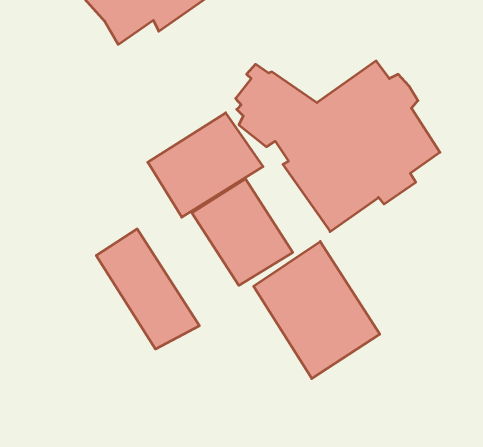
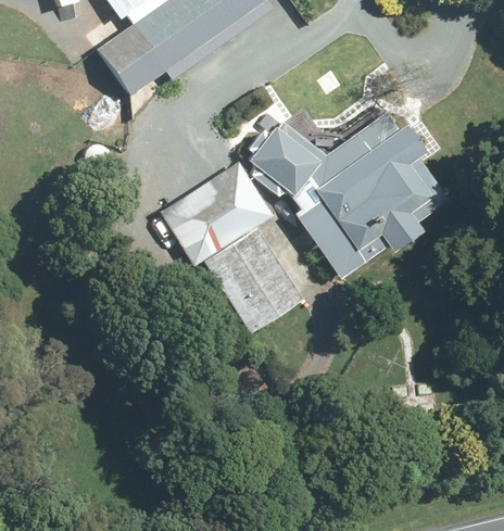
building: [96,229,199,349] -> none
building: [254,241,380,379] -> none

